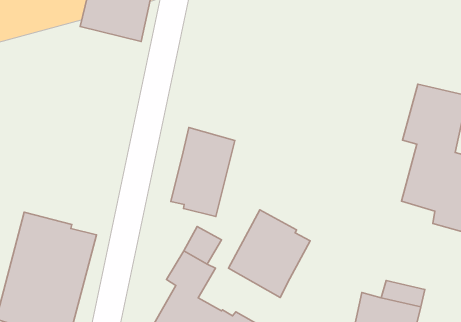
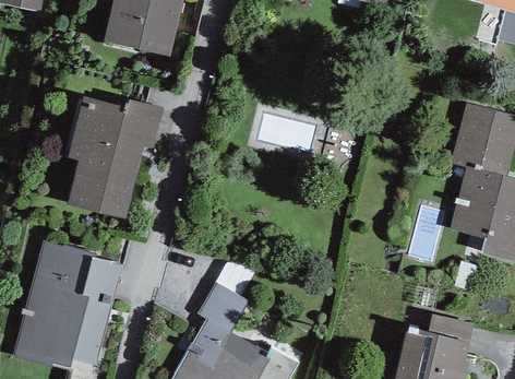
building: none -> [67,96,163,218]
building: [171,127,235,217] -> none
building: [228,210,310,297] -> none

